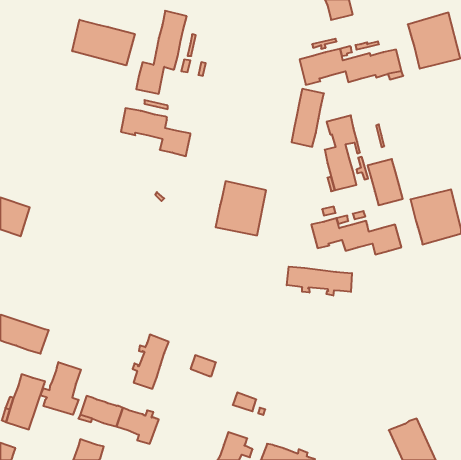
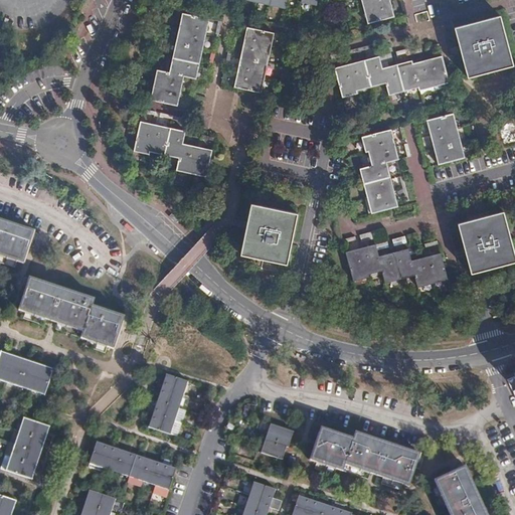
building: [72,20,135,65] -> none
building: [292,89,324,147] -> [236,27,273,92]
building: [368,159,403,205] -> [426,113,466,164]
building: none -> [19,279,125,348]
building: [287,267,352,296] -> none
building: [191,355,216,376] -> [265,422,293,446]
building: [41,362,81,415] -> none
building: none -> [309,427,419,486]

